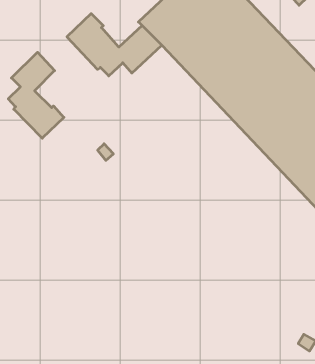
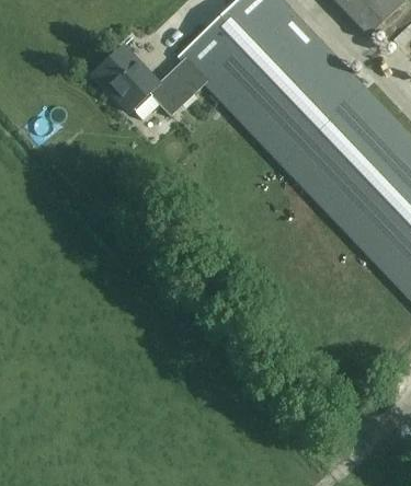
building: [8,52,64,138] -> none

